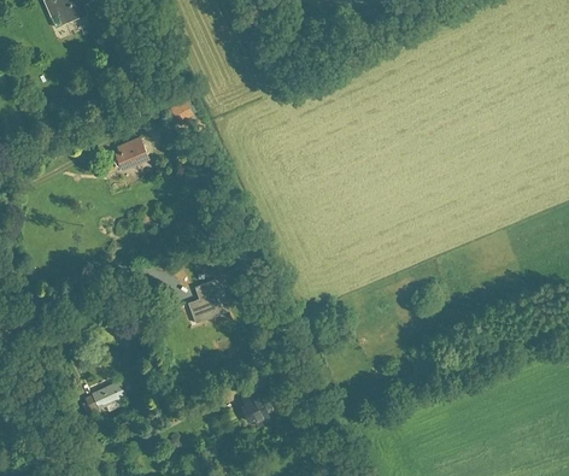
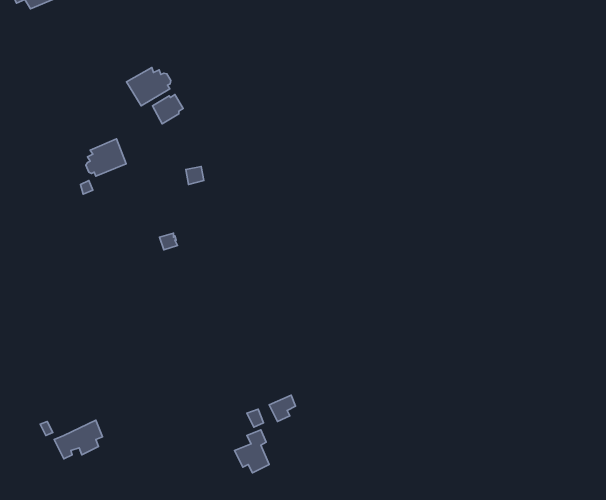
building: none -> [127,68,171,106]
building: [188,278,223,323] -> none

